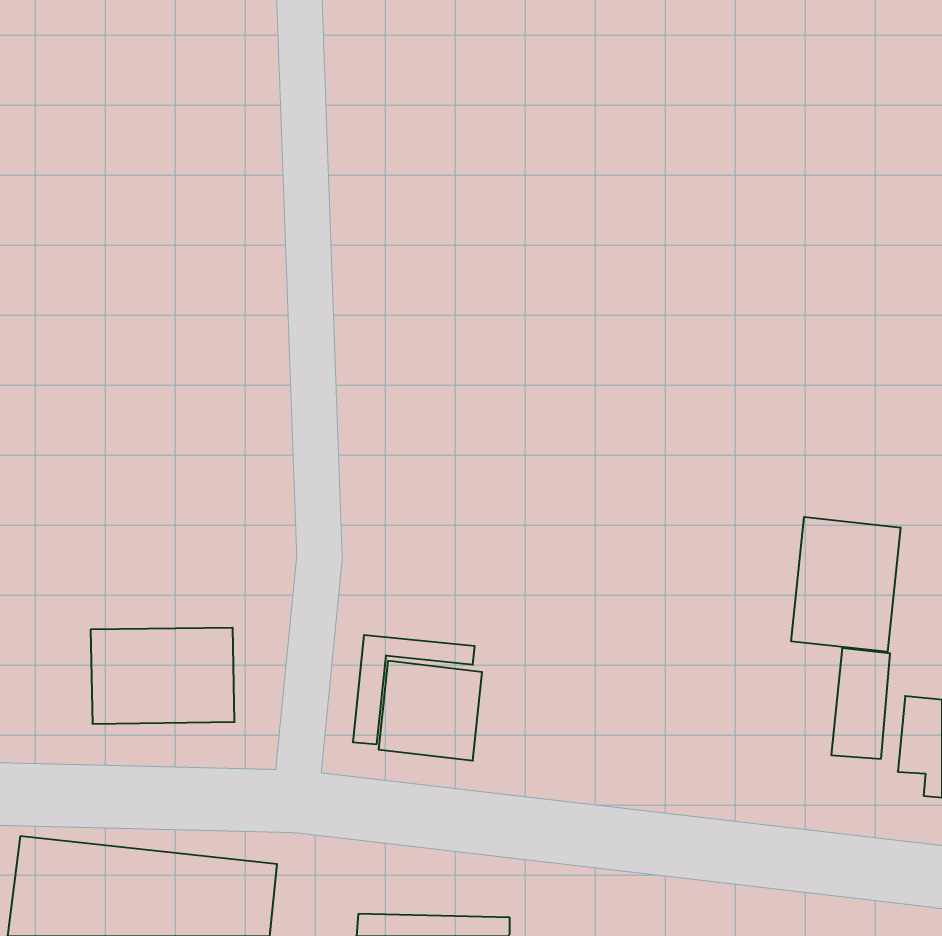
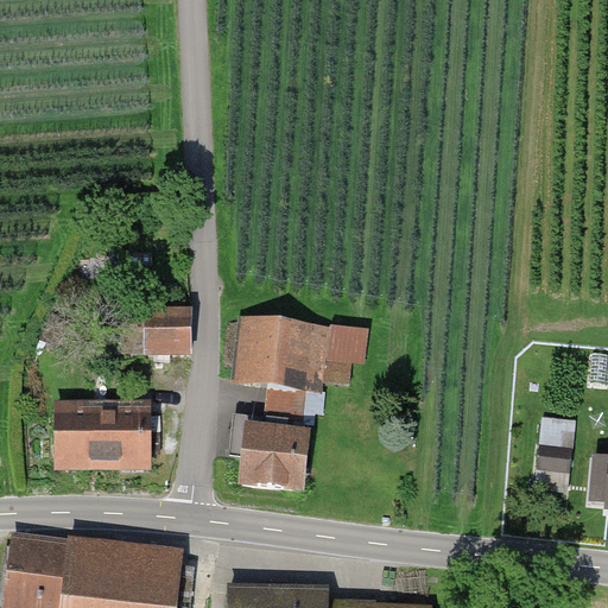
building: none -> [145,309,192,355]
building: none -> [235,315,367,392]
building: [791,517,900,652] -> none

